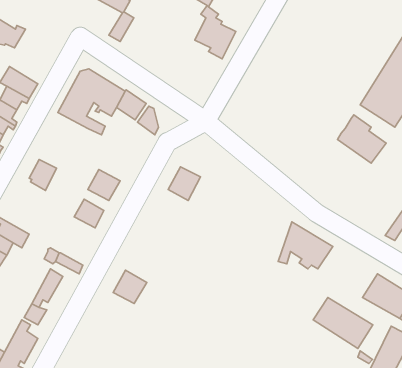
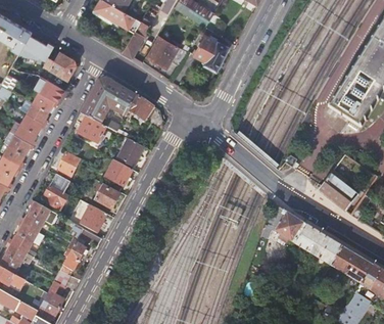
building: none -> [145,35,185,66]
building: none -> [43,51,75,79]
building: none -> [77,112,105,142]
building: [338,115,386,163] -> [317,169,356,209]
building: [168,167,201,201] -> [117,138,144,166]
building: none -> [45,173,69,209]
building: [113,270,147,304] -> [79,203,106,231]
building: [313,298,373,348] -> [294,223,343,265]

